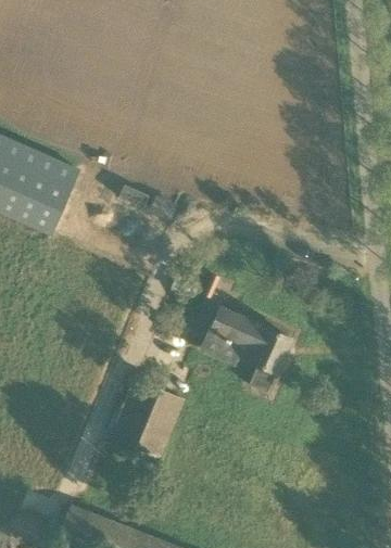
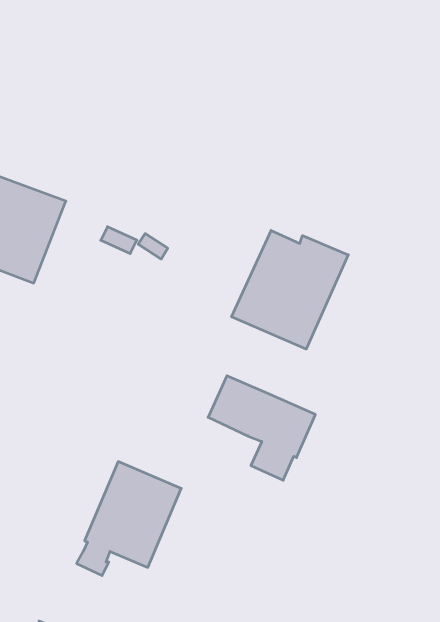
building: none -> [232,230,348,349]

